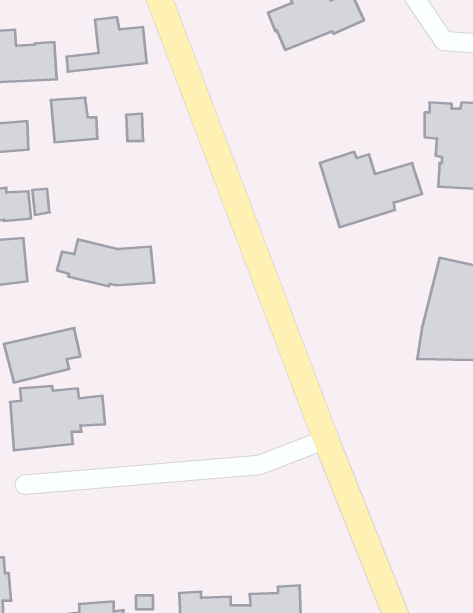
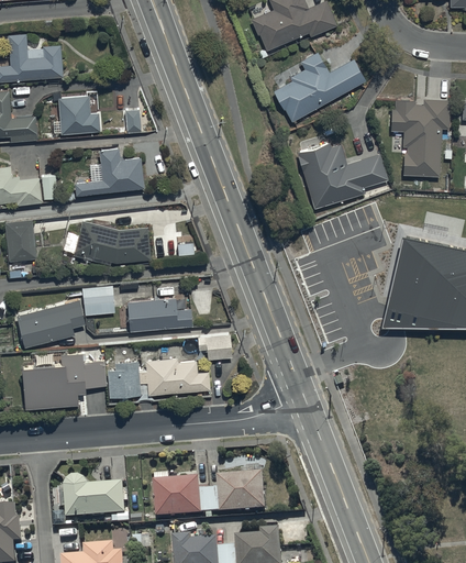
building: [67,17,147,72] -> [73,147,144,196]
building: none -> [273,53,365,122]
building: none -> [80,285,113,317]
building: none -> [126,297,191,331]
building: none -> [197,335,231,360]
building: none -> [107,356,209,397]
building: none -> [154,474,265,519]
building: none -> [64,477,130,525]

